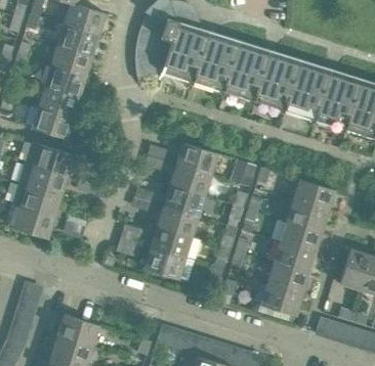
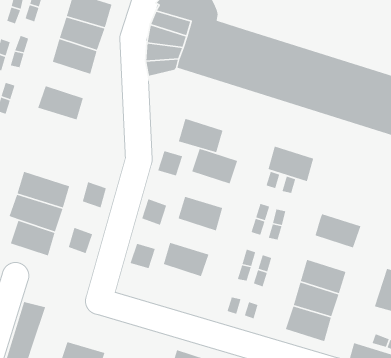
building: [44,65,85,97] -> none
building: [31,106,73,139] -> none
building: [25,141,74,176] -> none
building: [169,164,210,195] -> [178,118,224,153]
building: [292,179,334,212] -> [267,146,314,182]
building: [156,205,198,237] -> none
building: [279,221,321,253] -> none
building: [142,246,193,280] -> none

